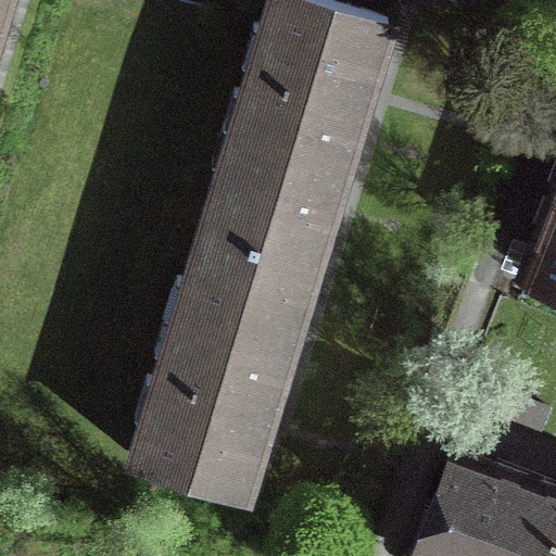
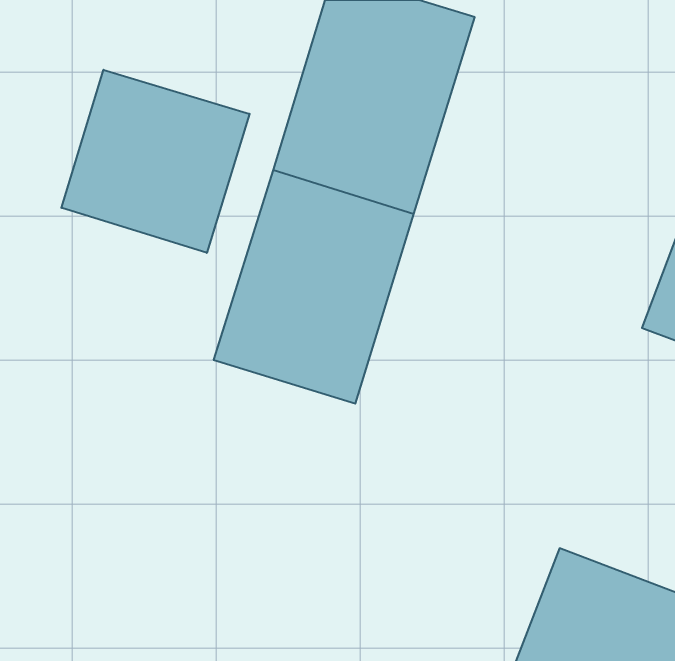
building: none -> [61,70,250,253]
building: [128,308,293,503] -> none

